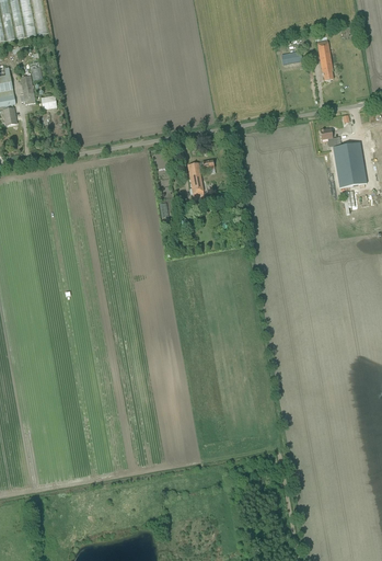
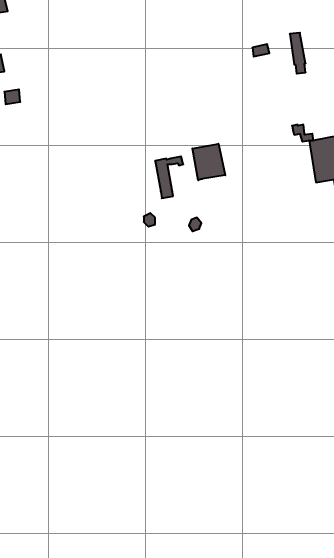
building: none -> [192,144,225,180]

